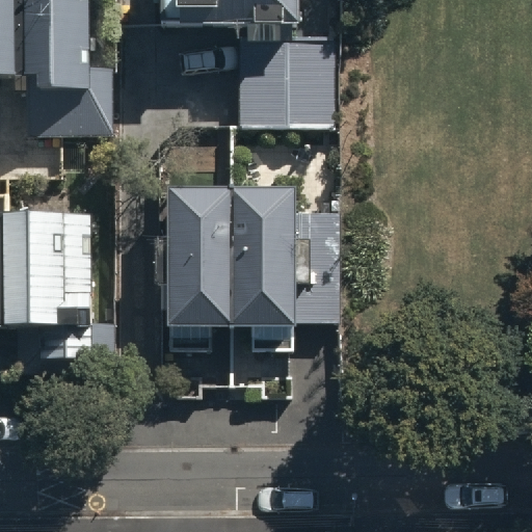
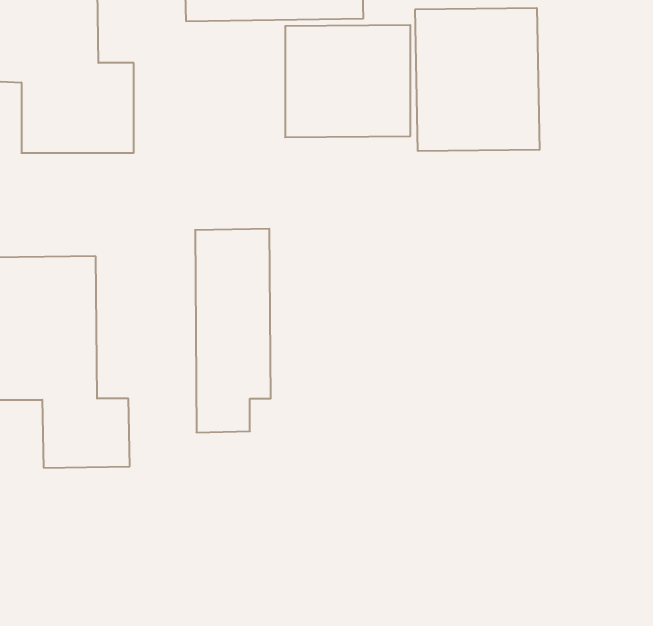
building: none -> [415,8,539,151]
building: [233,192,339,355] -> none

